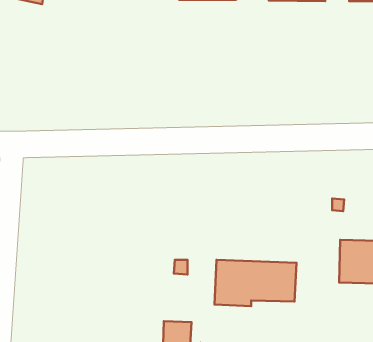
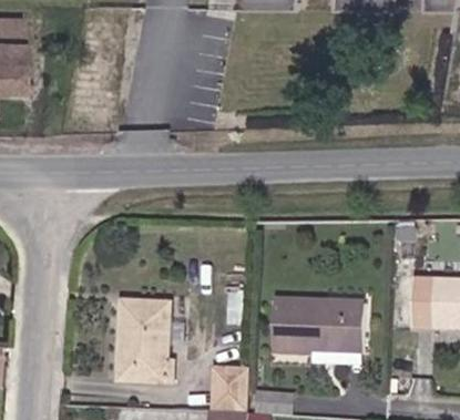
building: none -> [120,301,174,380]

